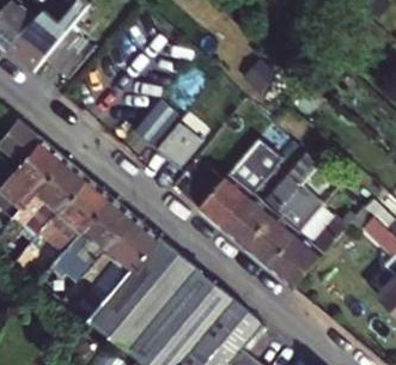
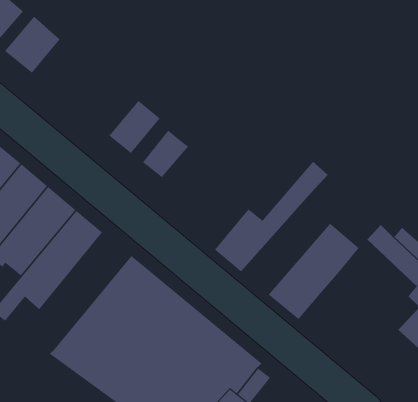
building: [181,133,296,229] -> none
building: [245,176,339,267] -> none
building: [74,214,152,315] -> none

